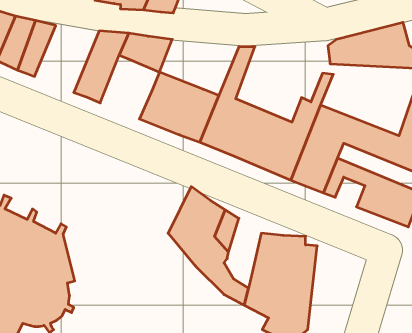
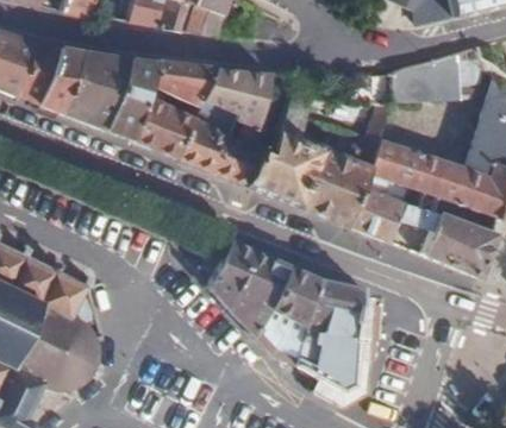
building: none -> [58,51,131,126]
building: none -> [199,67,268,122]
building: none -> [132,84,190,156]
building: none -> [276,268,313,332]

